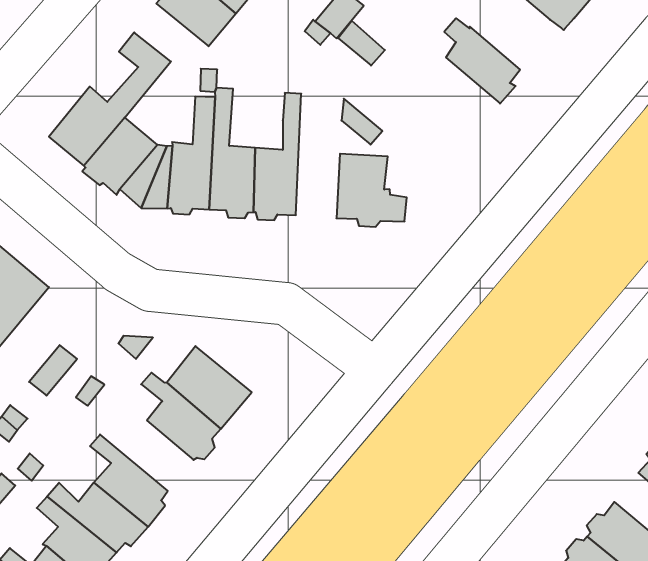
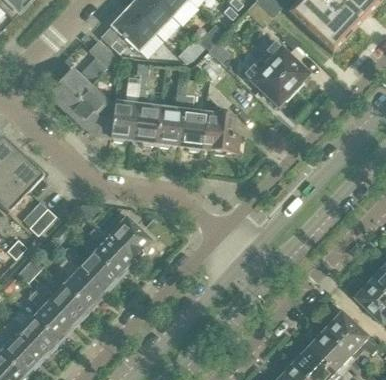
building: none -> [244,64,294,105]
building: none -> [179,79,205,150]
building: none -> [60,247,116,291]

